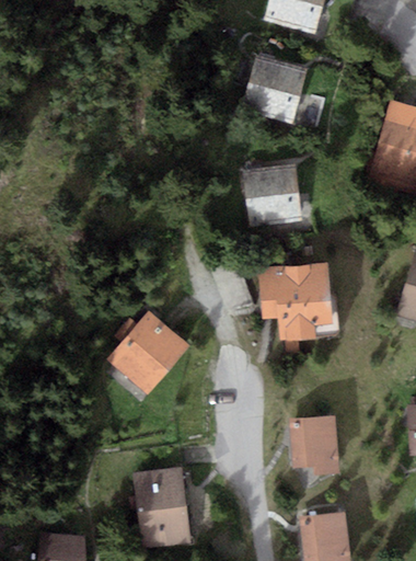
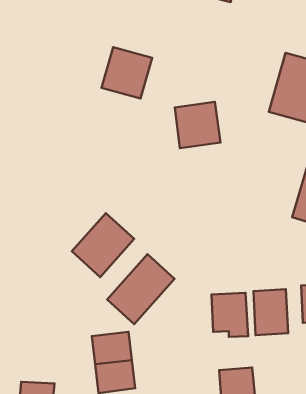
building: [241,55,308,123] -> [101,47,152,99]
building: [257,263,332,341] -> none
building: none -> [107,254,175,324]
building: none -> [253,289,288,335]

